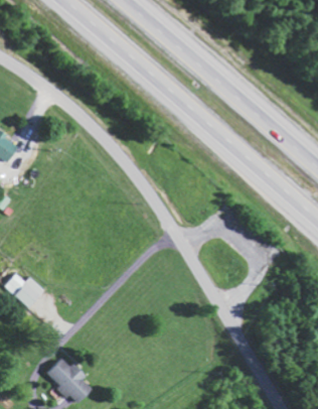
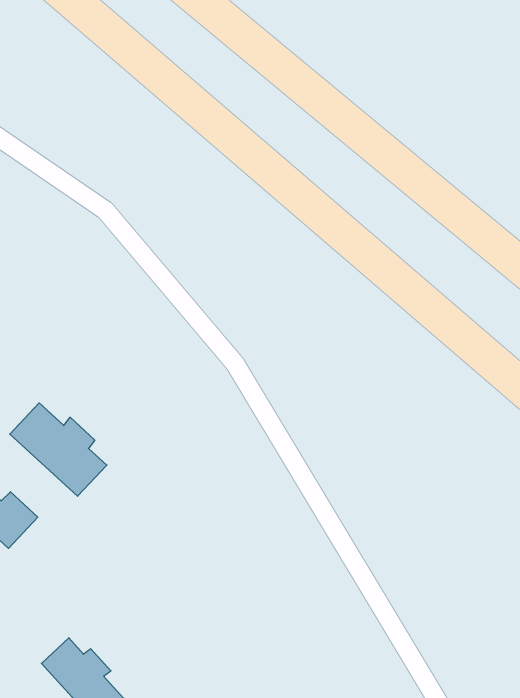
building: none -> [10,403,107,496]

